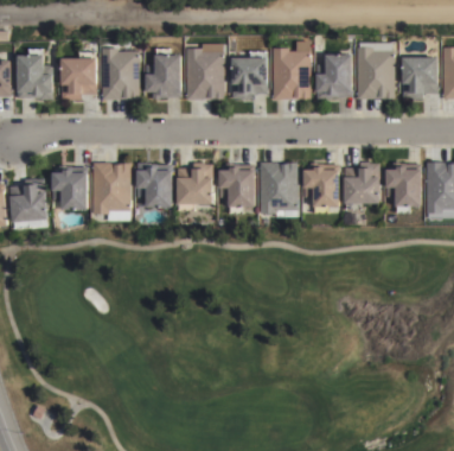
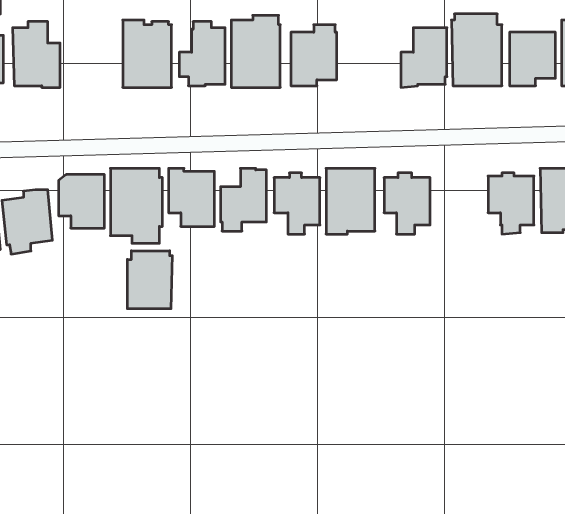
building: [274,47,312,99] -> none
building: [60,50,97,100] -> none
building: [343,161,379,209] -> none
building: none -> [127,251,172,309]

